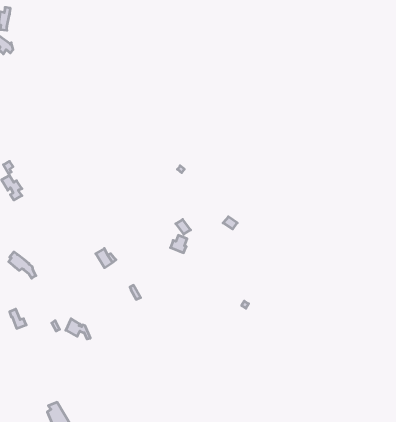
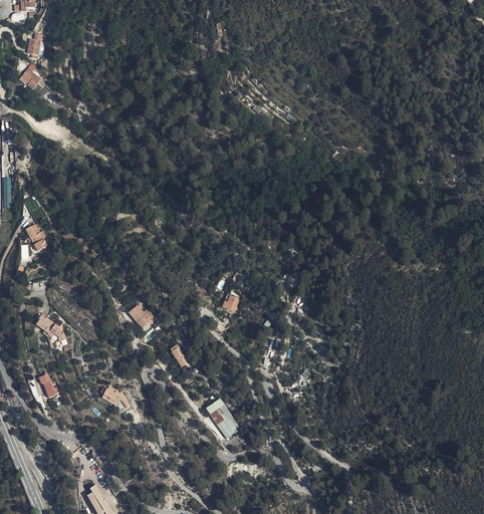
building: none -> [208,408,239,441]

